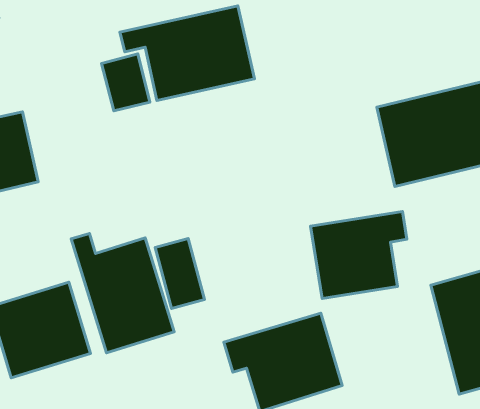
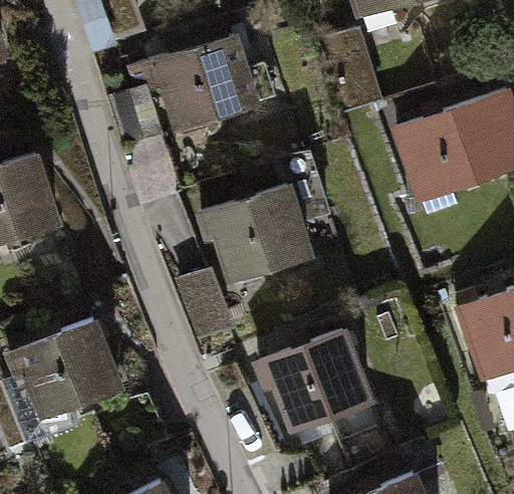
building: none -> [195,189,315,289]
building: [310,212,407,299] -> none
building: [71,233,174,353] -> none

